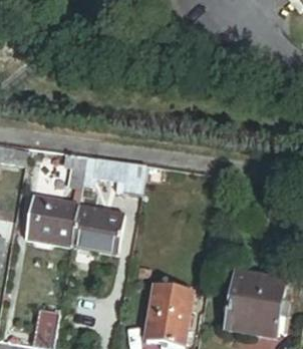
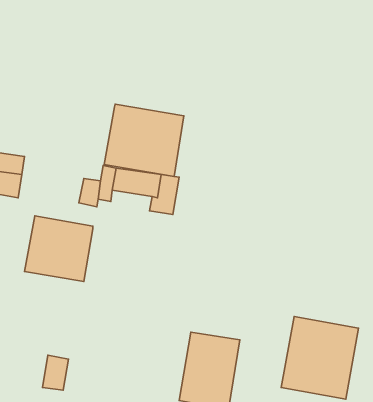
building: none -> [104,104,184,176]
building: [71,206,124,255] -> none

